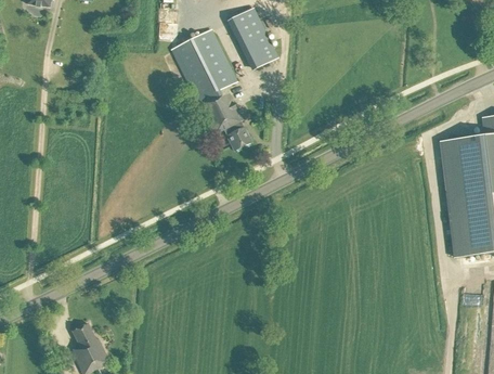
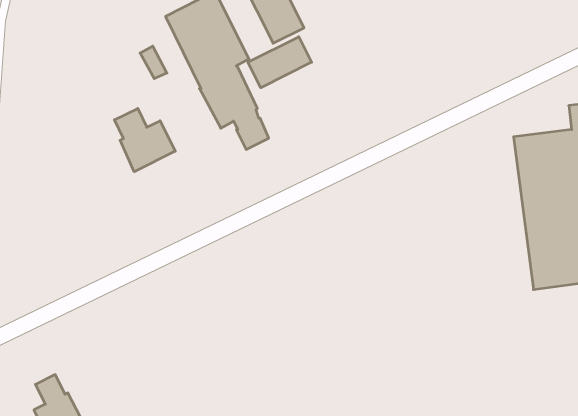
building: none -> [248,37,312,88]
building: none -> [114,108,175,172]

